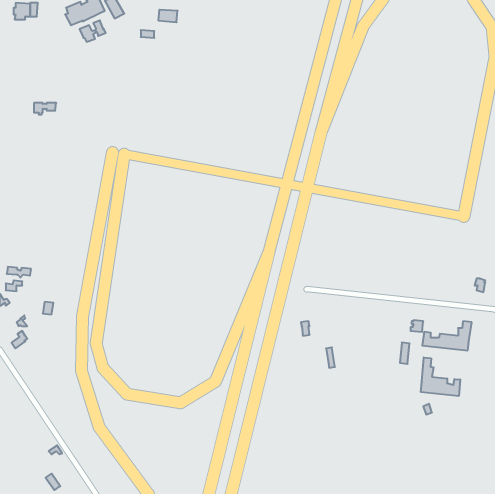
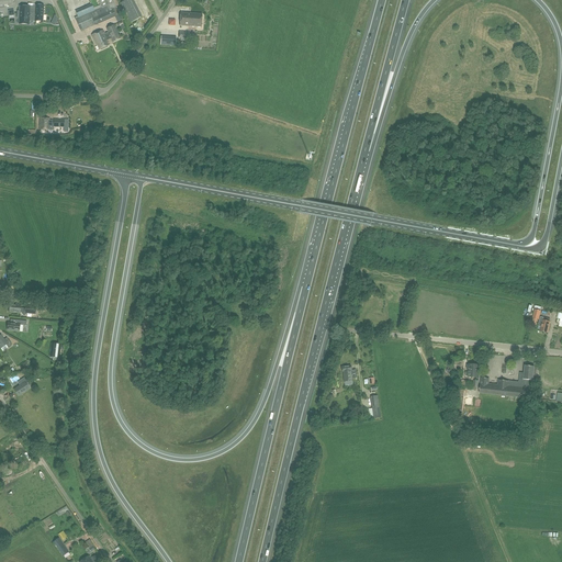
building: [421,357,460,396] -> none

